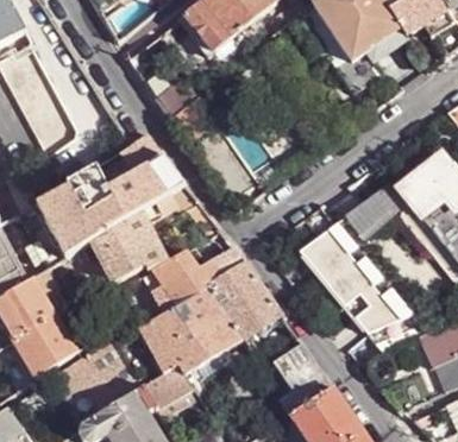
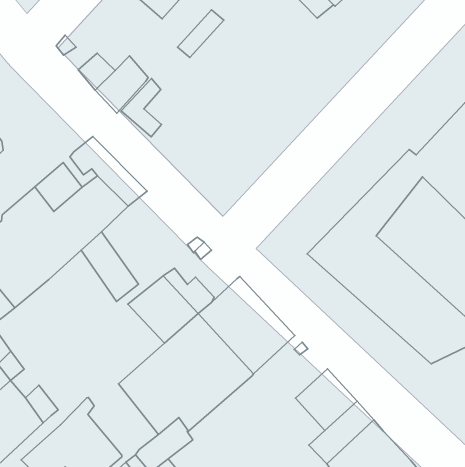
building: [95,221,145,282] -> none

